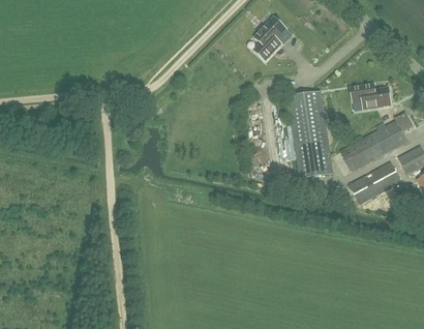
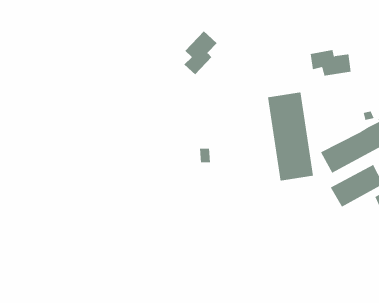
building: [252,17,285,60] -> [184,31,218,75]
building: [350,83,390,109] -> [310,50,351,76]

